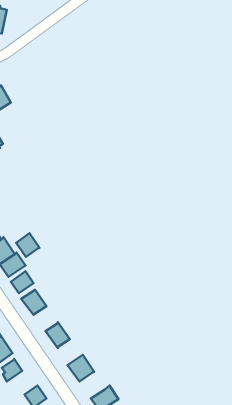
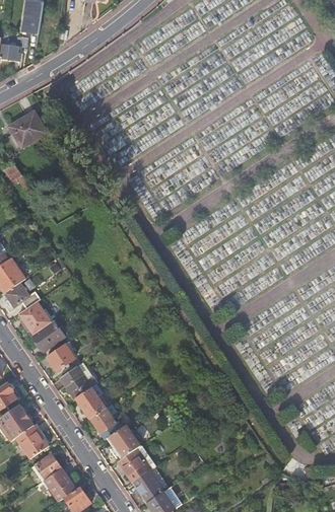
building: [16,233,40,257] -> none
building: none -> [76,387,106,419]
building: none -> [107,426,140,459]
building: none -> [45,468,76,501]
building: none -> [133,470,164,503]

